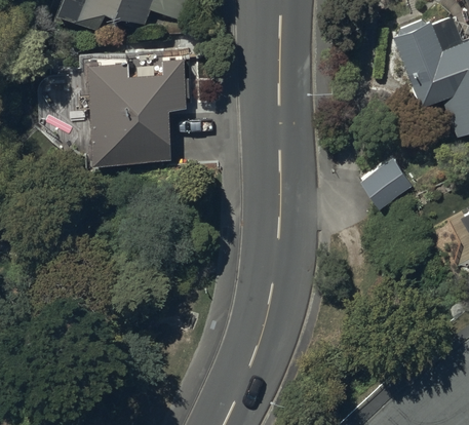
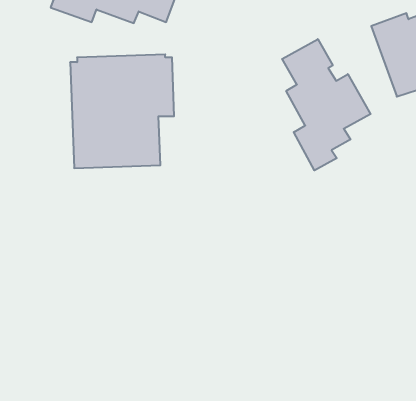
building: none -> [282,39,371,170]
building: [360,156,412,209] -> none

